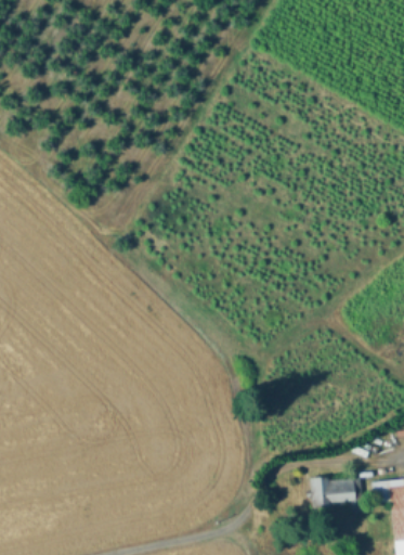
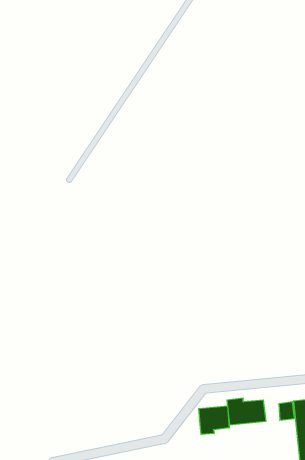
building: none -> [199,406,229,435]

